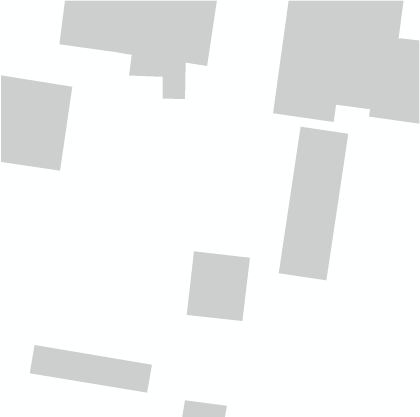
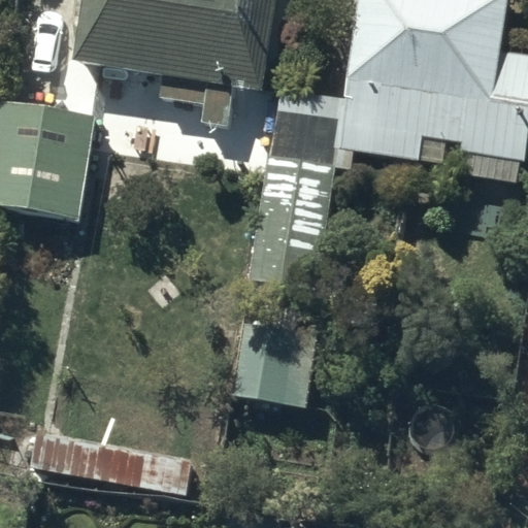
building: [278,126,349,281] -> [252,92,341,286]

